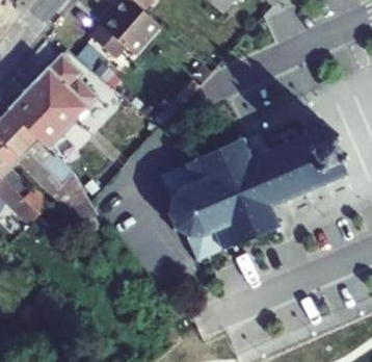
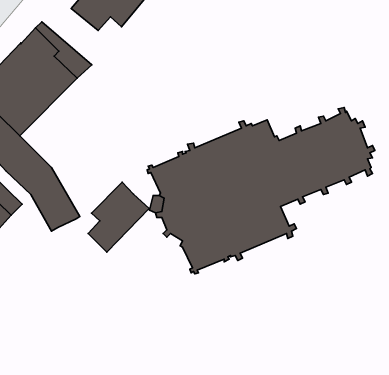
building: none -> [88,182,149,252]

